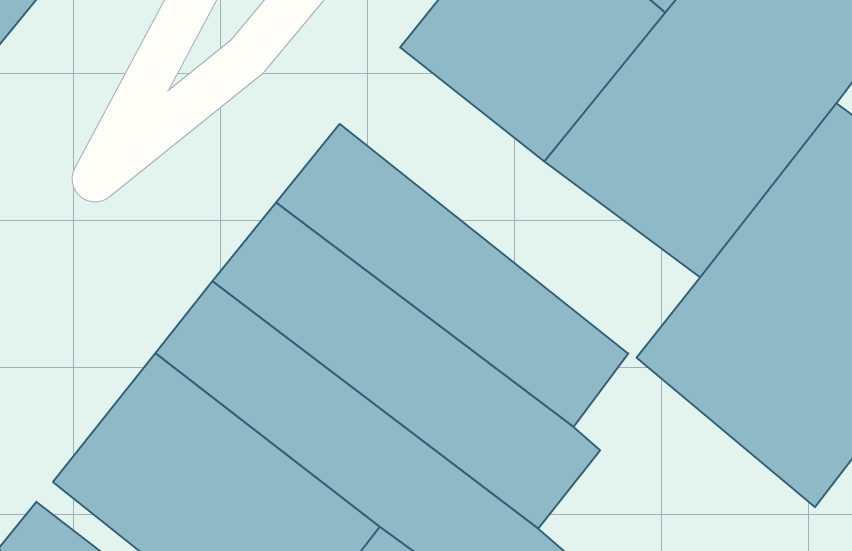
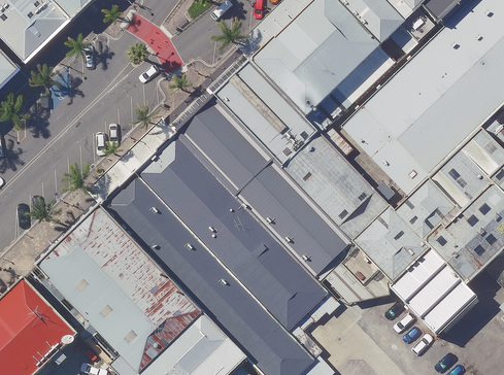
building: none -> [215,64,396,248]

